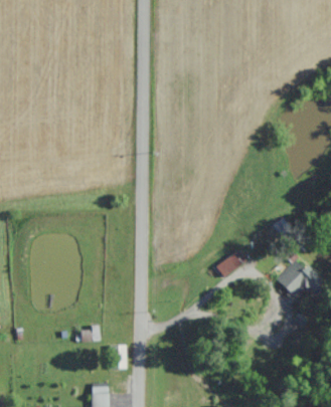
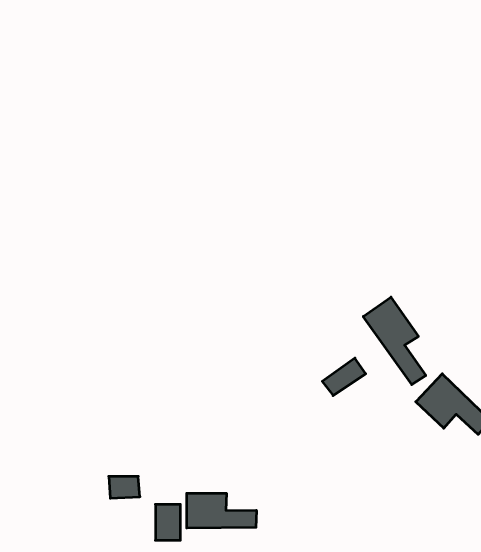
building: none -> [363,297,426,385]
building: none -> [187,493,256,528]

